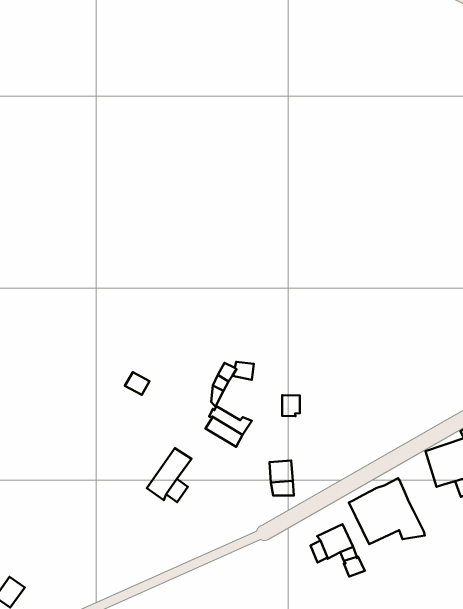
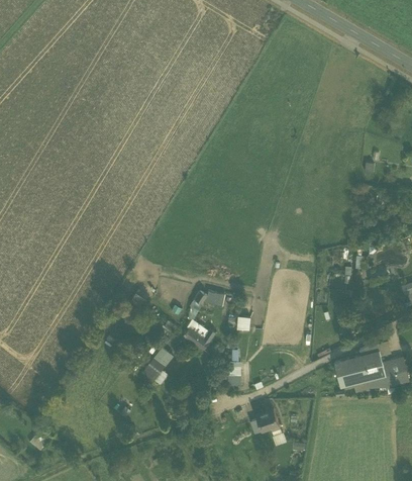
building: [349,478,425,544] -> none

